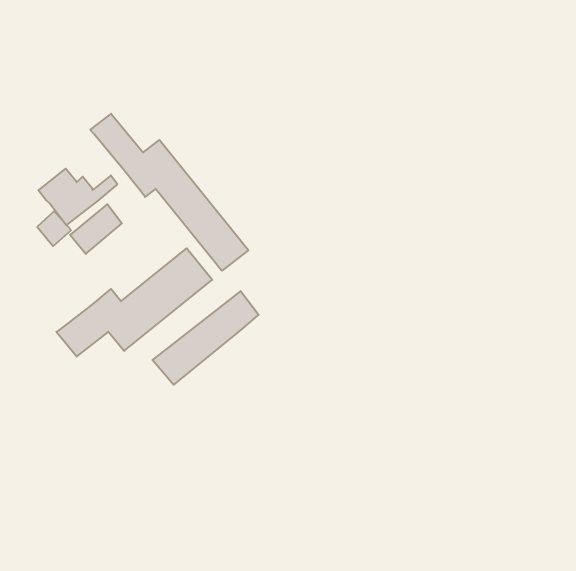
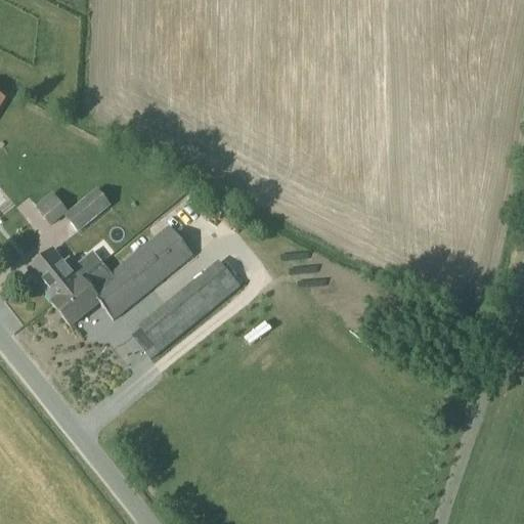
building: [90,114,248,271] -> none
building: [38,169,117,225] -> [30,248,101,299]

